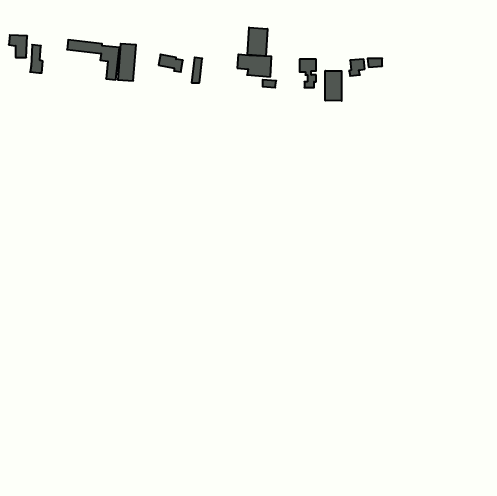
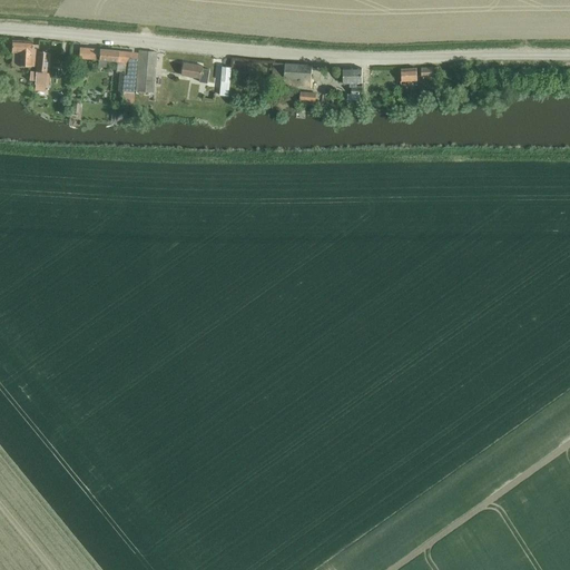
building: [247,27,267,56] -> none
building: [325,71,342,101] -> none

